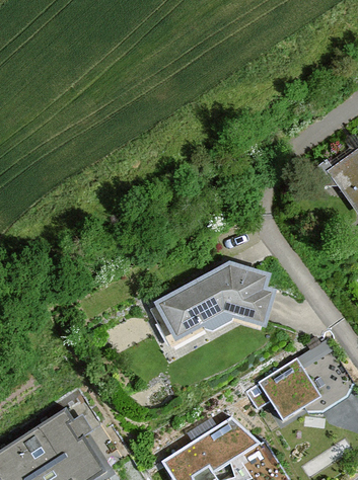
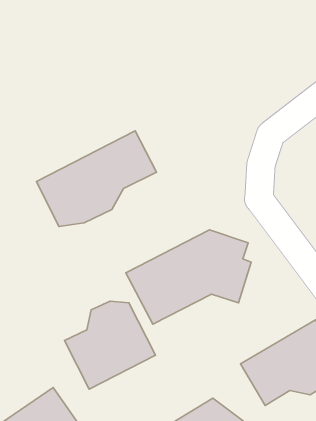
building: none -> [36,131,156,226]
building: none -> [64,301,155,389]

